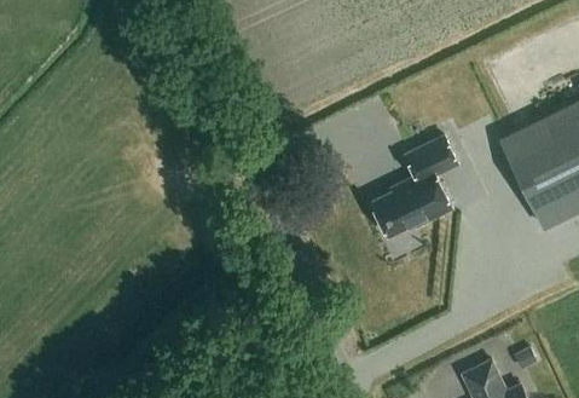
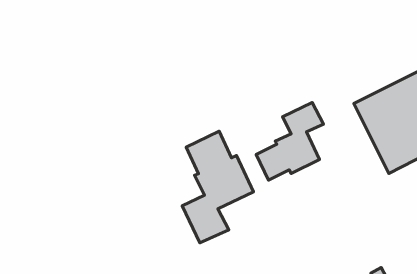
building: none -> [182,131,253,243]

